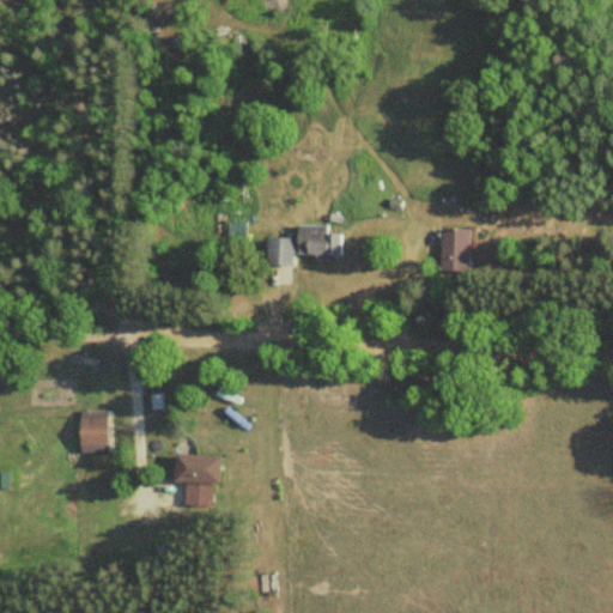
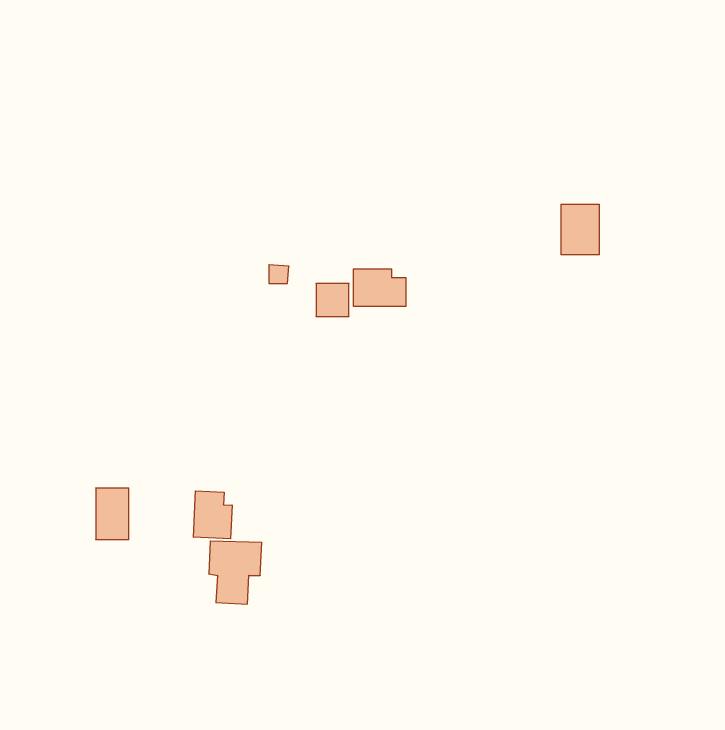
building: [442,229,474,271] -> [561,204,599,255]
building: none -> [194,491,232,539]

